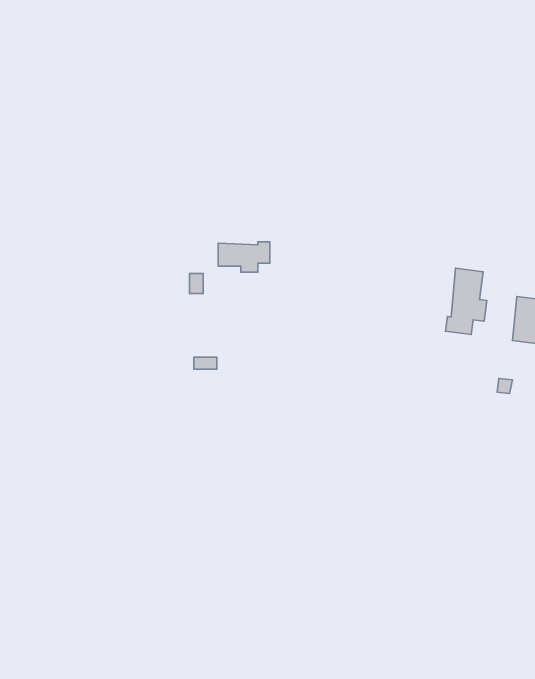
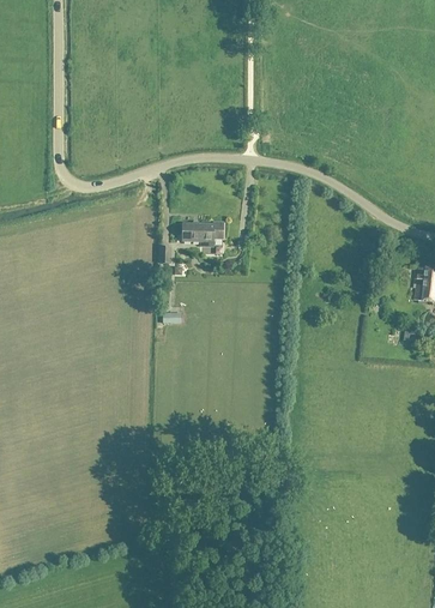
building: [446,268,487,335] -> none

